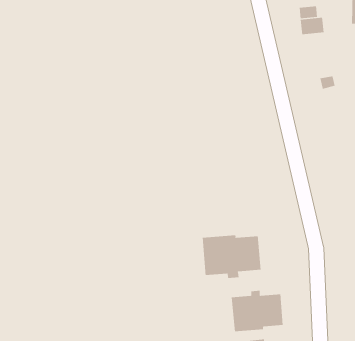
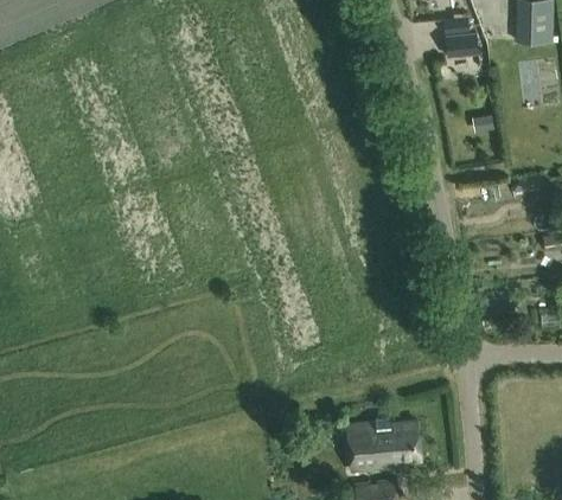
building: [202,234,261,279] -> none

